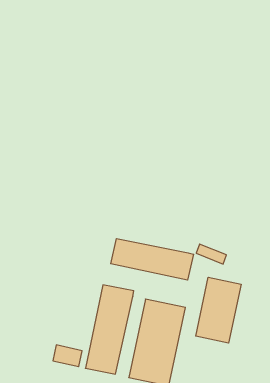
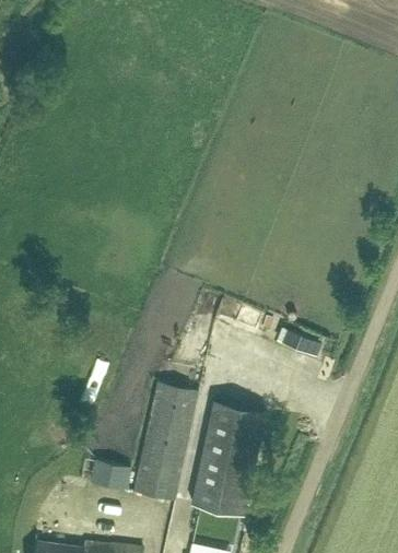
building: [111,239,194,280] -> none
building: [196,277,241,343] -> none

